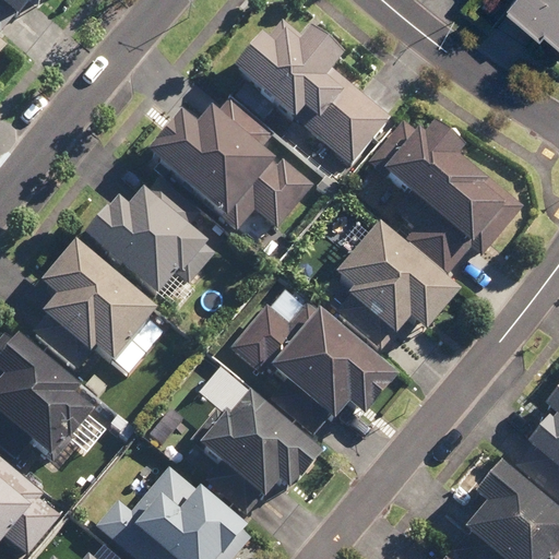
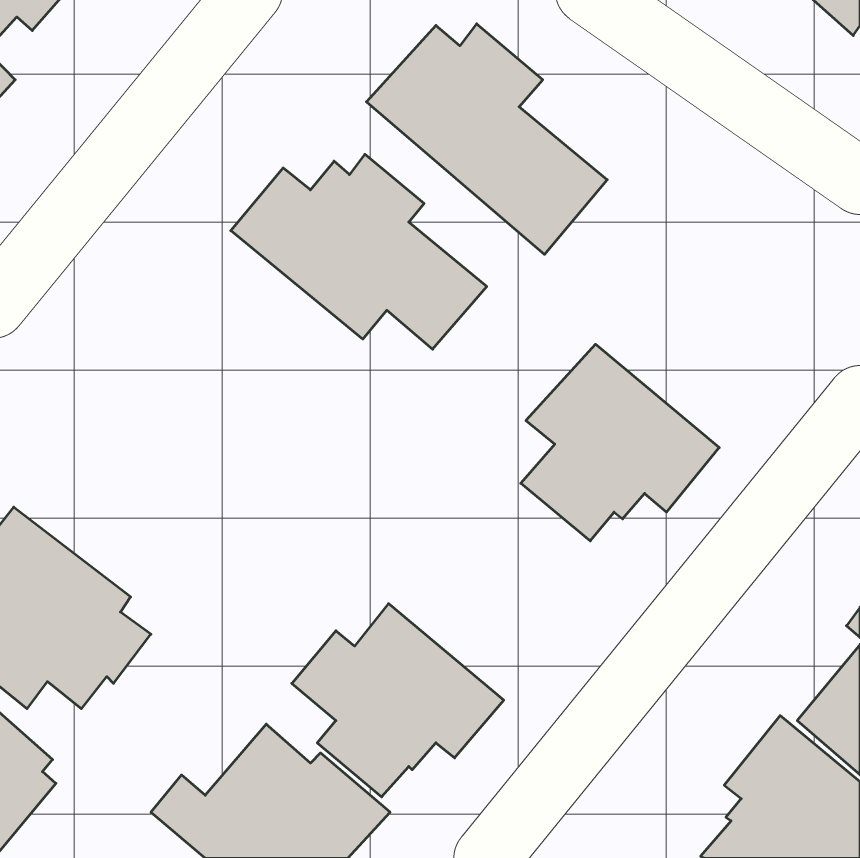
building: [367,116,511,271] -> none
building: [90,176,214,295] -> none
building: [31,241,162,369] -> none
building: [227,285,402,433] -> none

